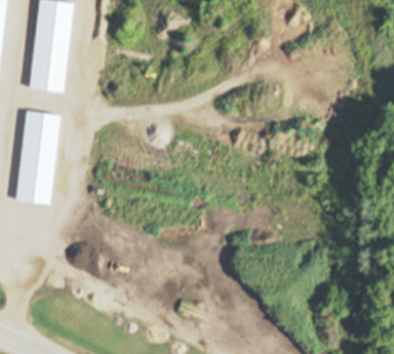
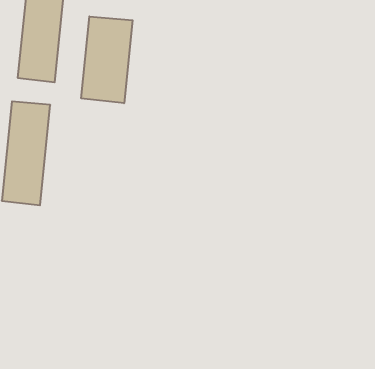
building: none -> [81,16,133,103]

